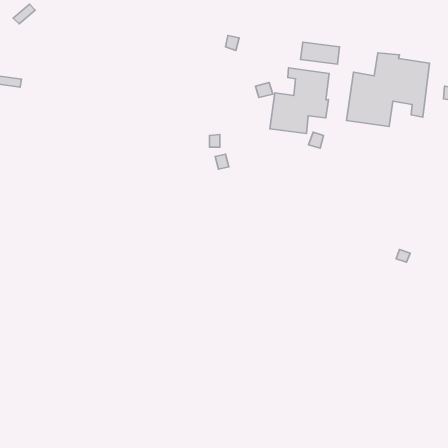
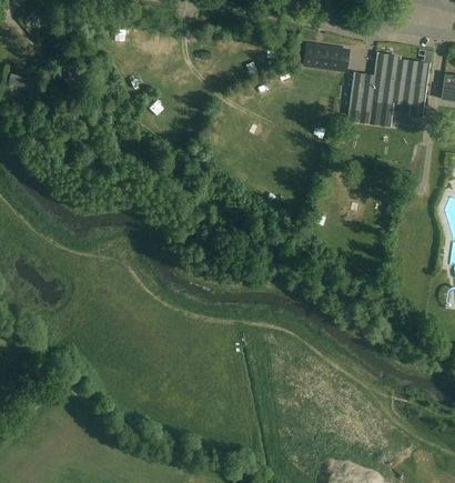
building: [270,68,329,133] -> none

